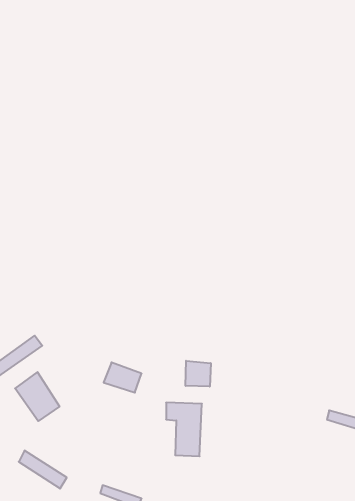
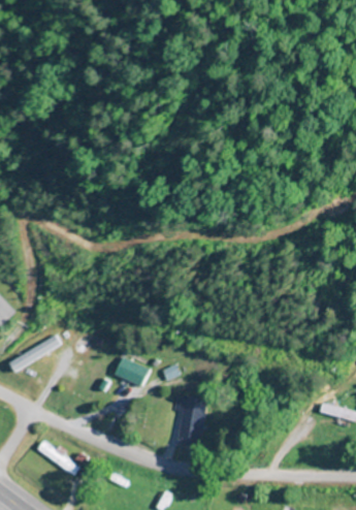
building: [186,361,211,387] -> none
building: [15,372,59,421] -> none

